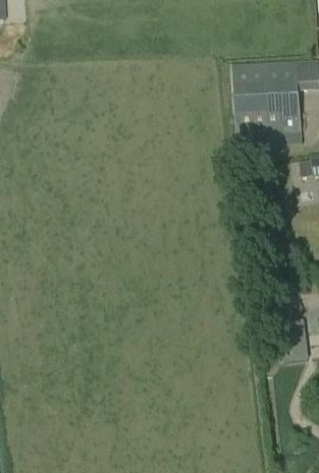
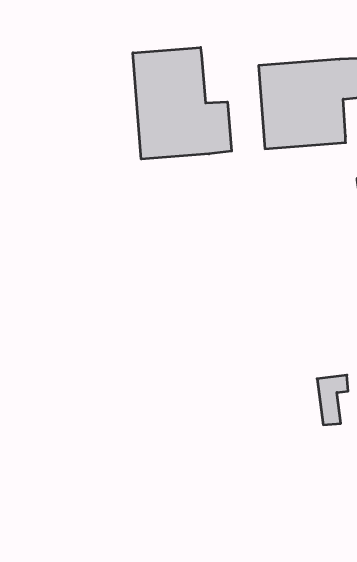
building: none -> [133,47,232,159]

